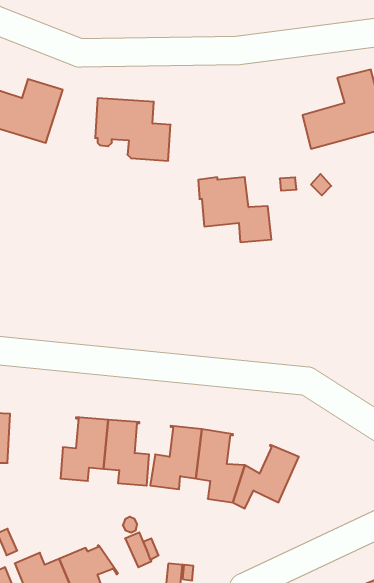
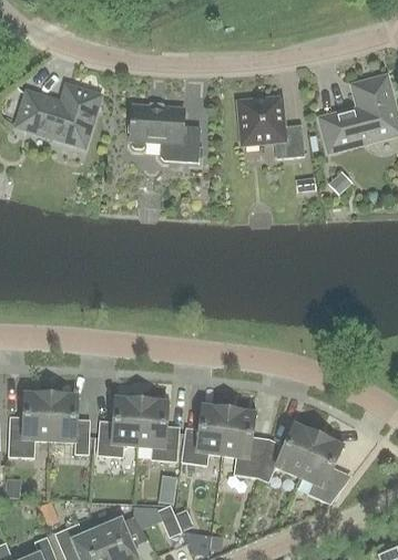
building: [198,177,271,242] -> [236,97,304,157]
building: none -> [48,394,89,453]
building: none -> [296,434,347,502]

